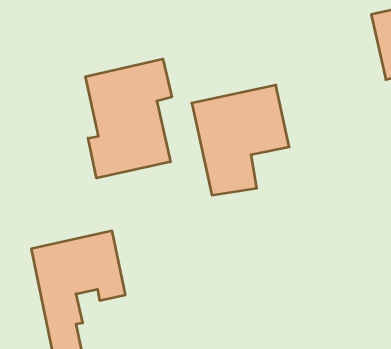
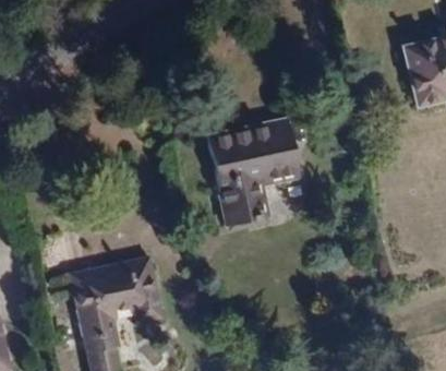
building: [85,59,172,178] -> none

